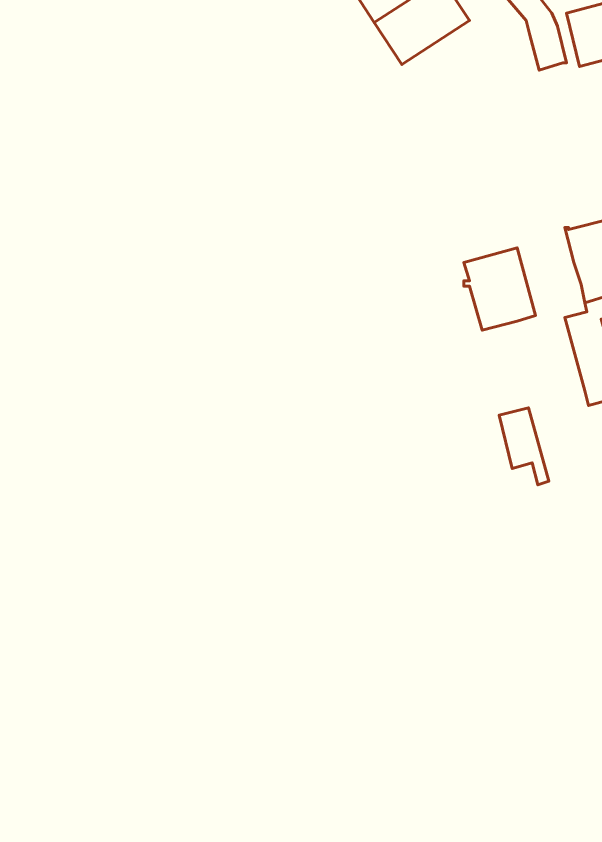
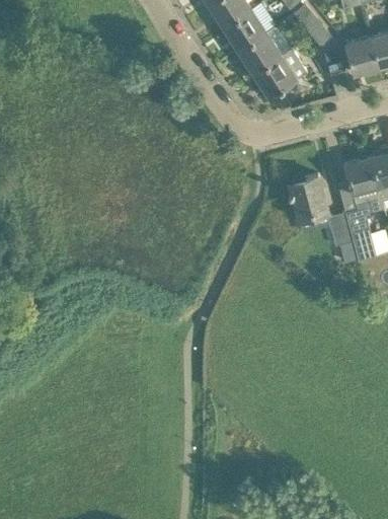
building: none -> [254,50,307,98]
building: [499,408,549,485] -> [328,214,356,256]

